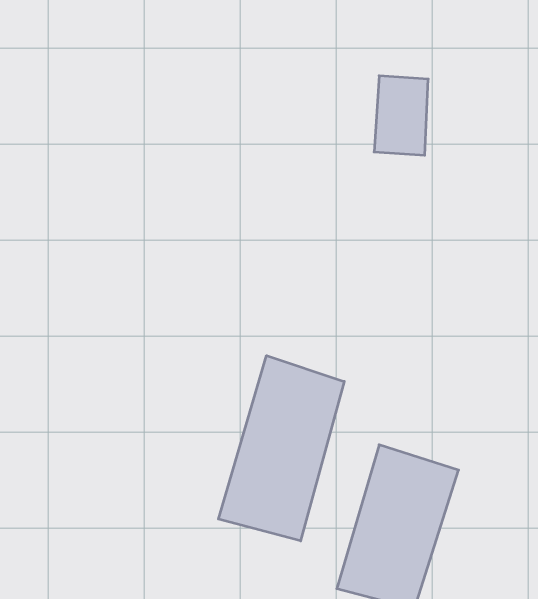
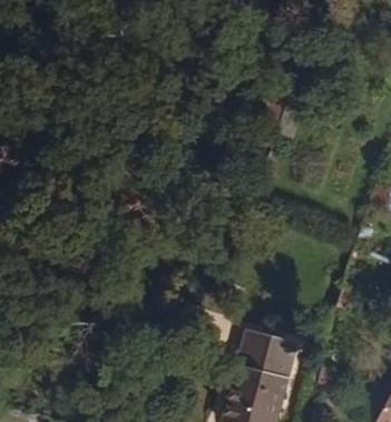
building: [218,356,344,541] -> none

